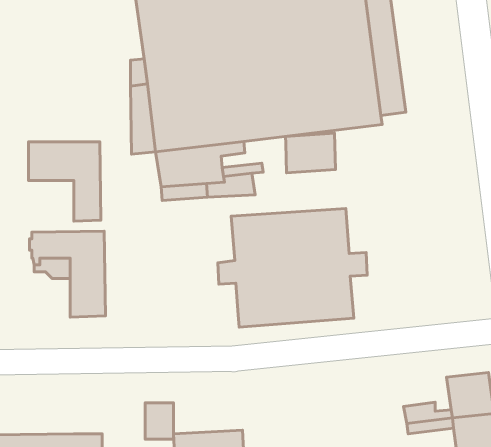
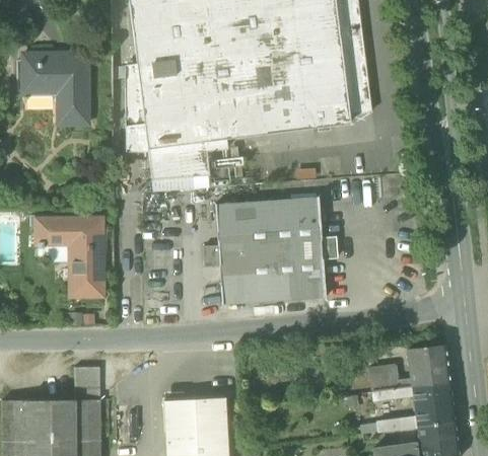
building: [286,133,335,173] -> none
building: [28,142,101,221] -> [23,54,88,125]
building: [145,403,173,439] -> [74,368,99,400]

